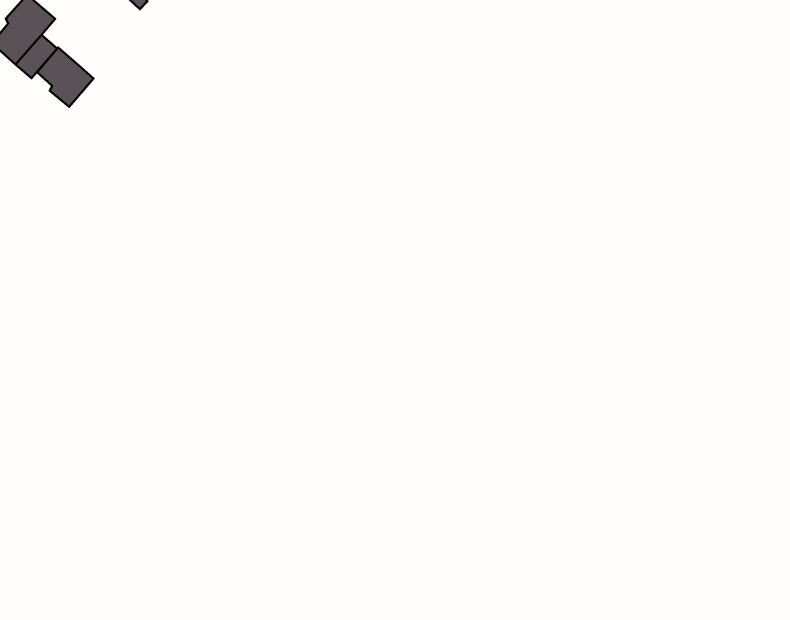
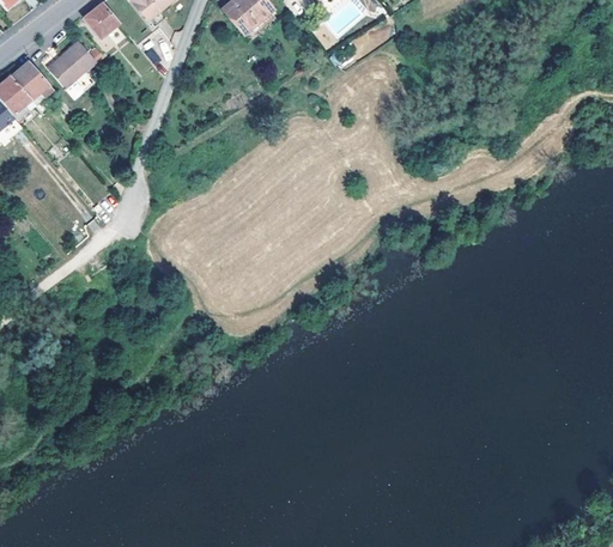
building: [37,47,94,107] -> none

